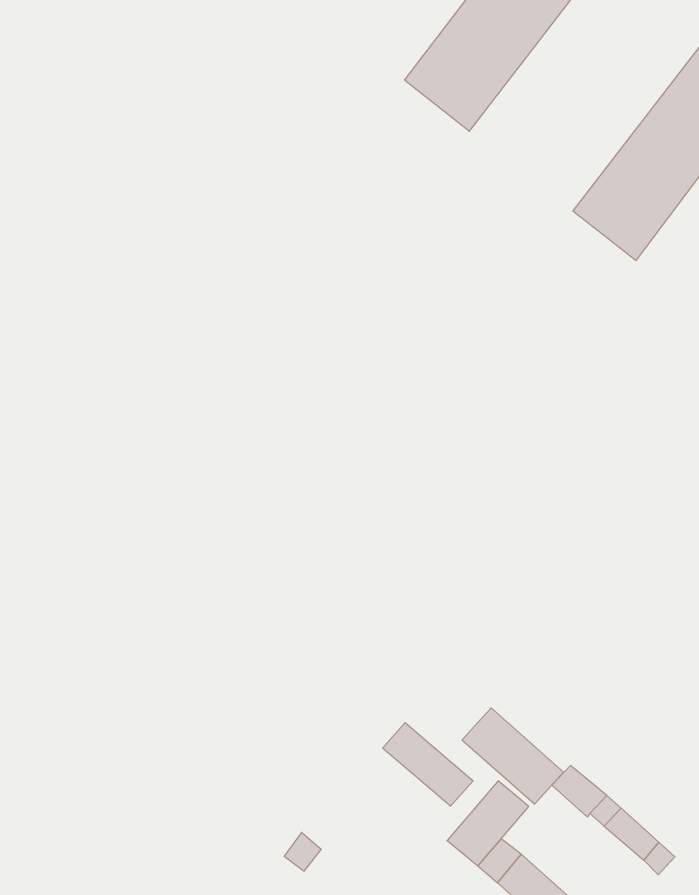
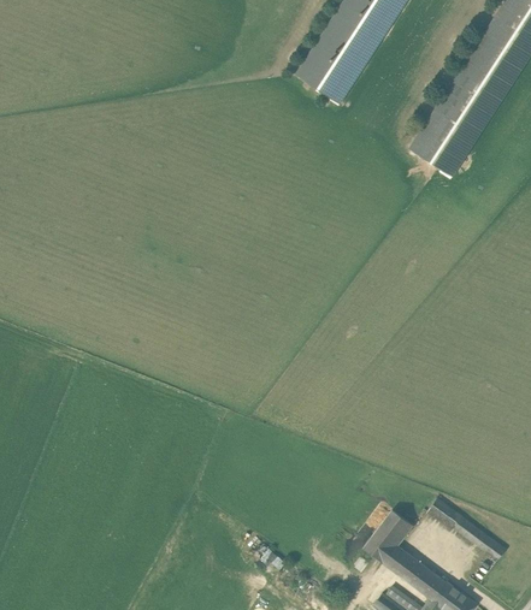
building: [462,708,564,804] -> none
building: [383,723,473,806] -> none

